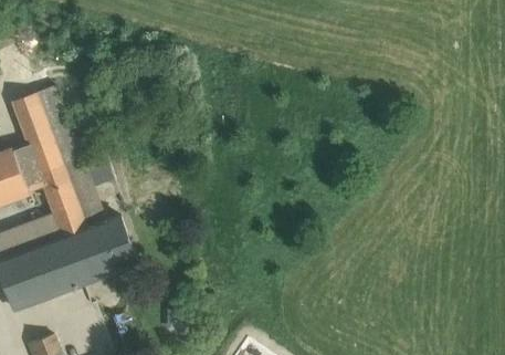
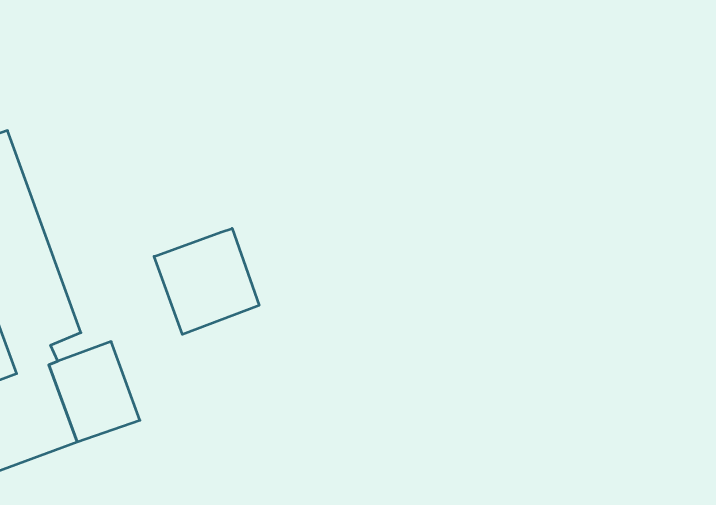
building: none -> [154,228,259,334]

